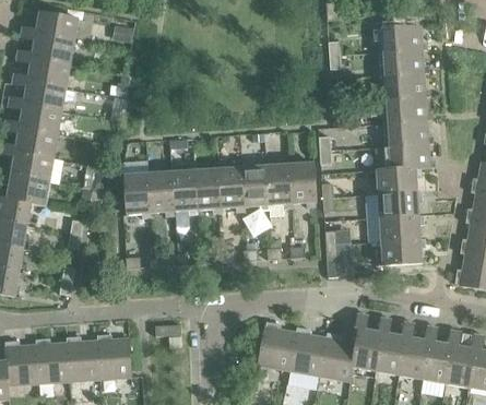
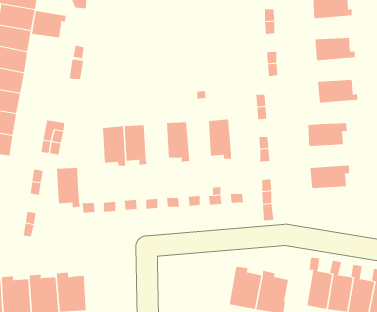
building: none -> [32,10,66,38]
building: [382,49,428,75] -> none
building: [386,96,431,122] -> none
building: [389,143,434,169] -> none
building: [288,163,316,207] -> none
building: [241,166,268,211] -> none
building: [194,168,221,213] -> none
building: [123,174,151,218] -> [56,167,81,208]
building: [377,192,422,218] -> none
building: [380,239,425,265] -> none
building: [351,313,381,371] -> none
building: [257,322,295,370] -> none

